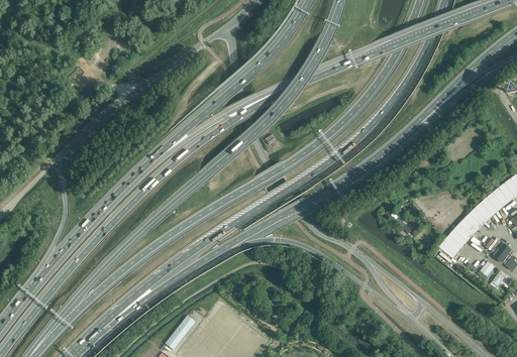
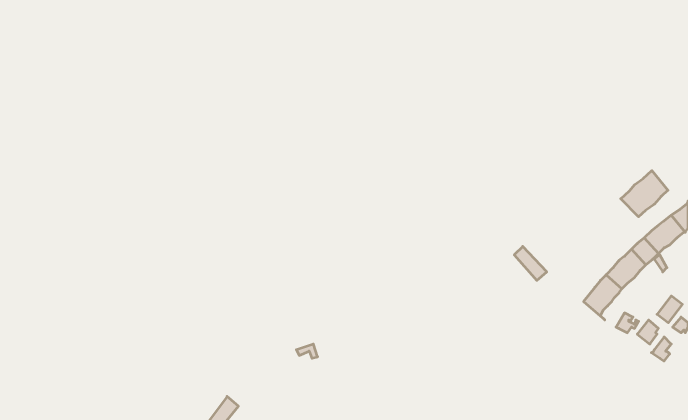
building: none -> [621,171,668,217]

